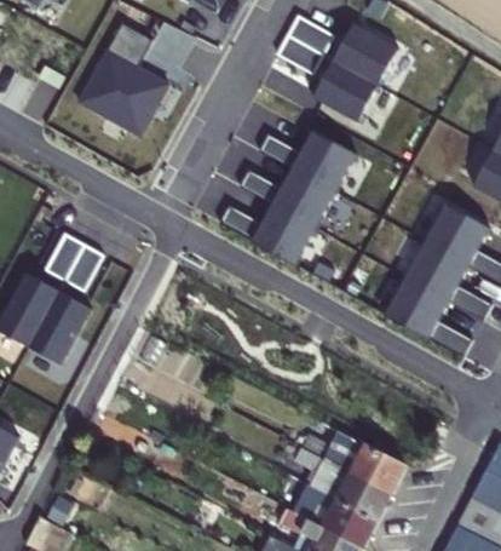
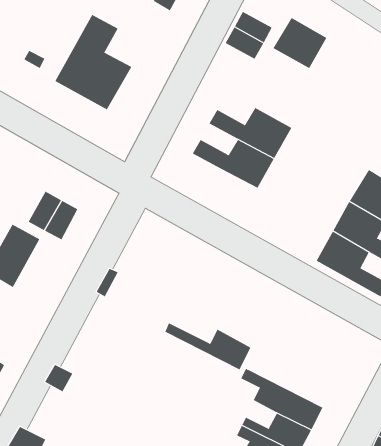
building: [315,63,378,124] -> none
building: [221,205,317,263] -> none
building: [30,287,94,362] -> none
building: [305,429,407,484] -> [164,323,251,370]

